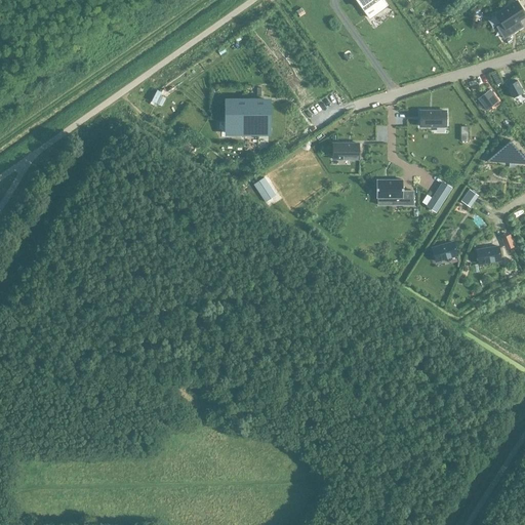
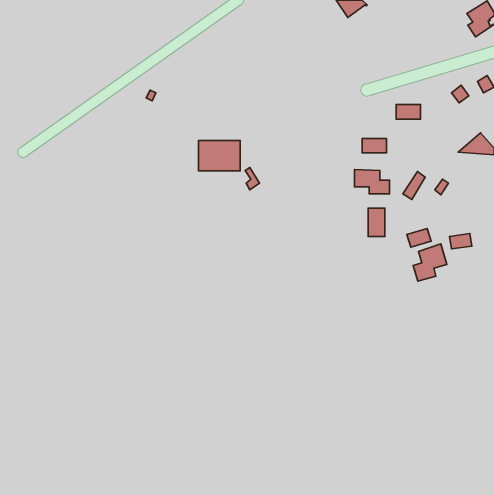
building: [225,102,269,133] -> [199,141,240,171]
building: [332,144,358,159] -> [362,138,387,153]
building: none -> [368,208,385,237]
building: none -> [413,244,447,281]

